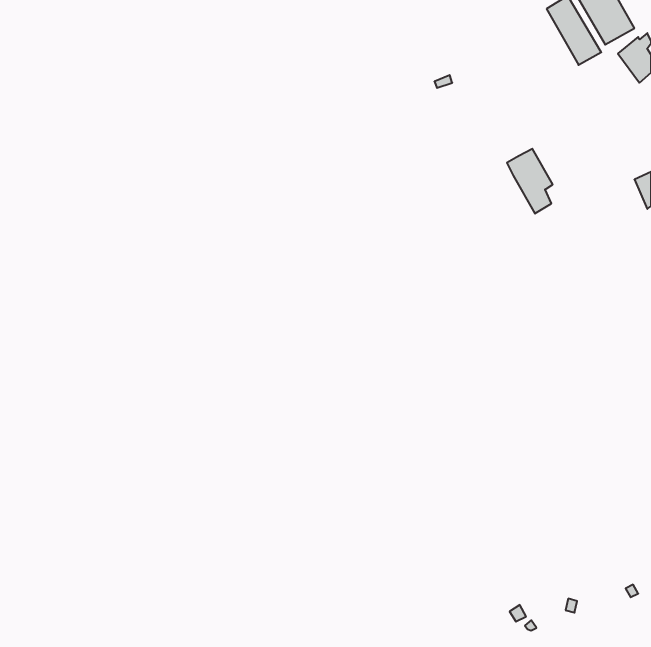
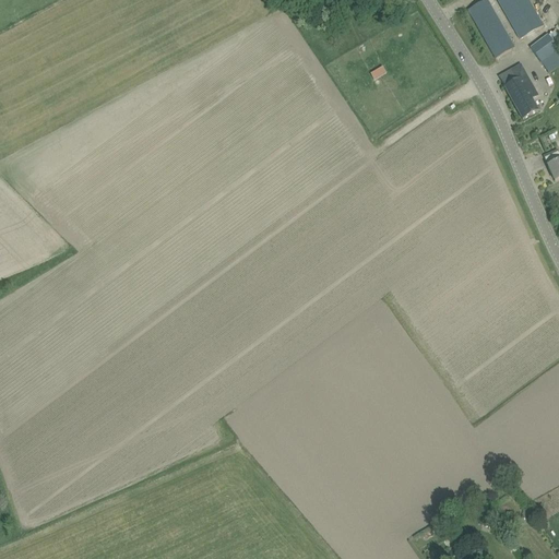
building: [507,149,553,214] -> [499,62,538,118]

